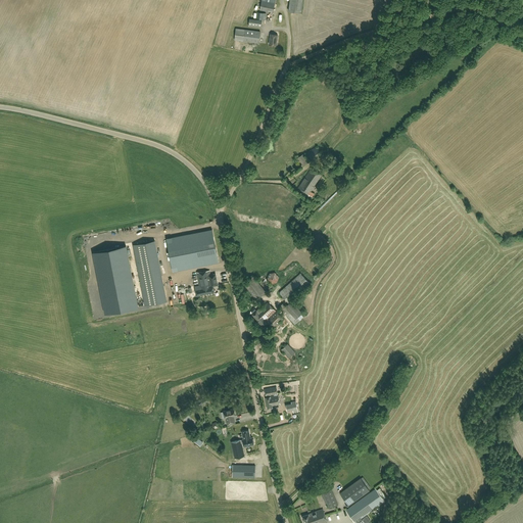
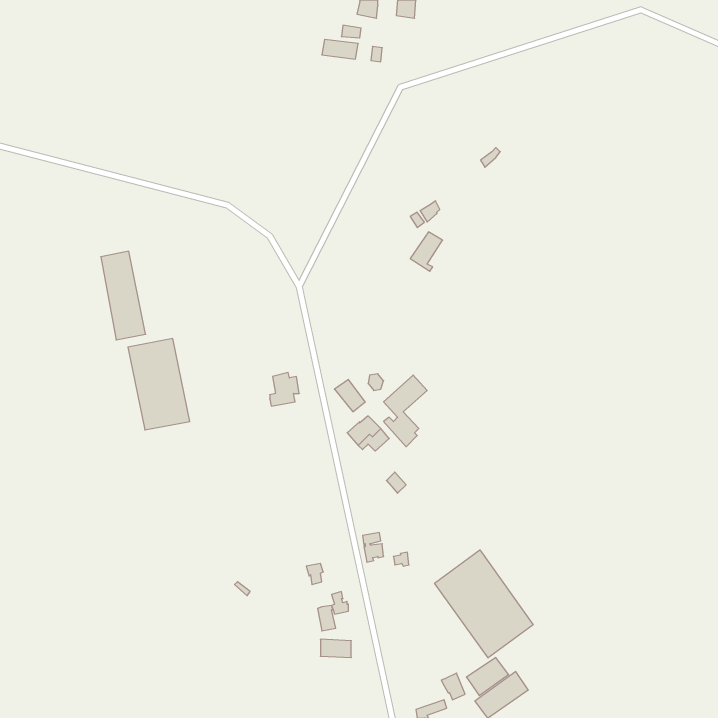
building: [167,230,219,271] -> none
building: [133,241,165,305] -> [101,251,146,340]
building: none -> [435,550,533,658]

